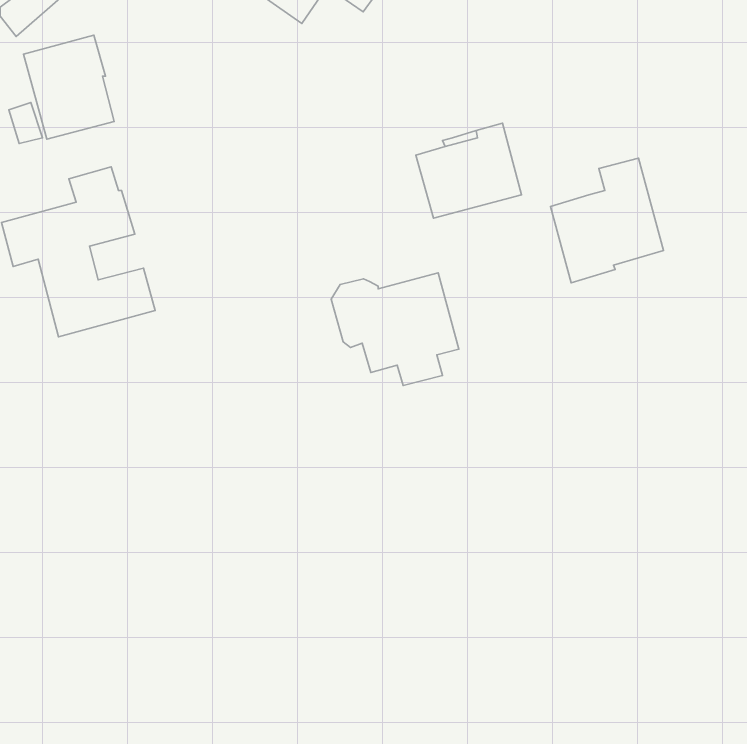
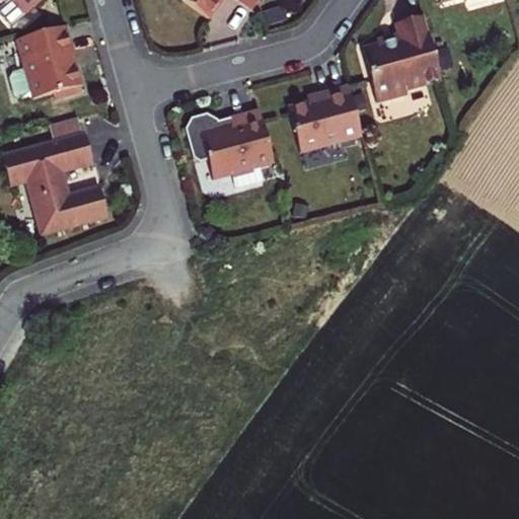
building: [551,158,663,283] -> [363,13,441,99]
building: [331,273,459,386] -> [187,108,275,187]

